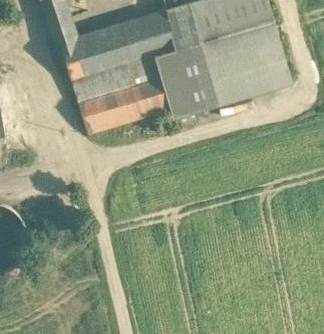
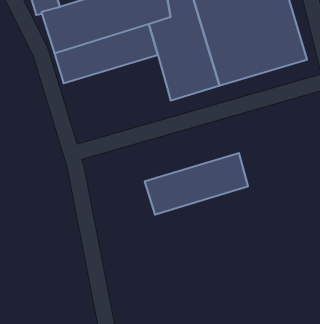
building: [79,80,170,134] -> [145,153,248,215]

